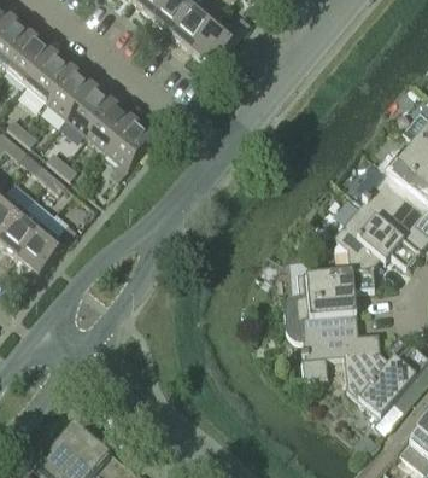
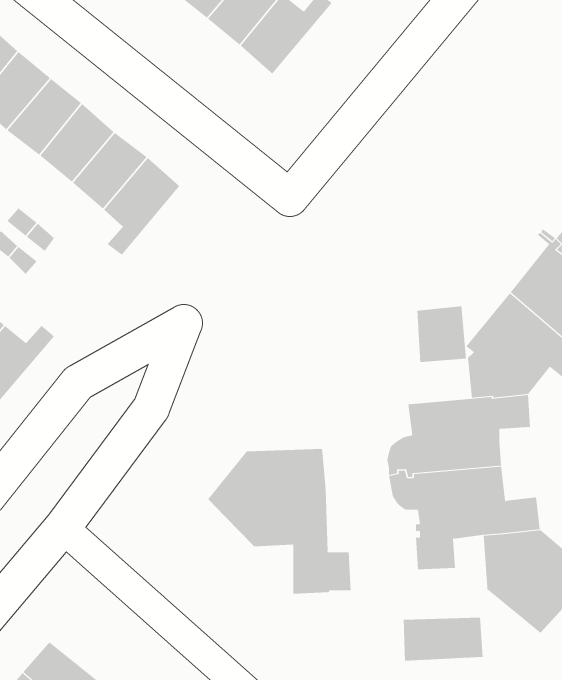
building: none -> [417,306,467,363]
building: none -> [207,448,351,595]
building: none -> [403,617,483,662]

